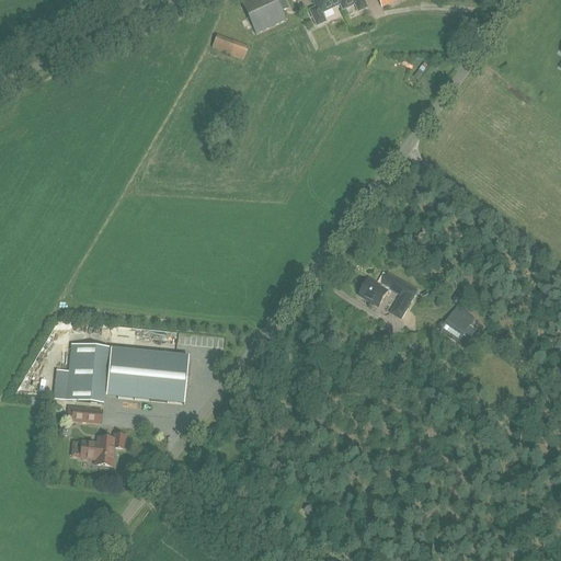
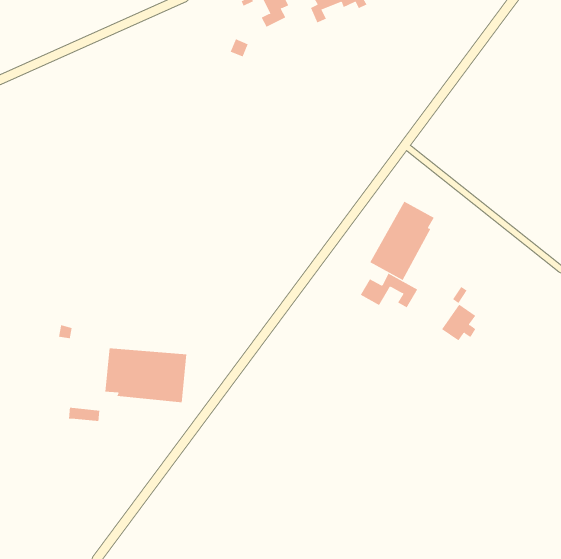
building: none -> [370,201,435,281]
building: [65,342,108,401] -> none
building: [80,435,114,463] -> none

